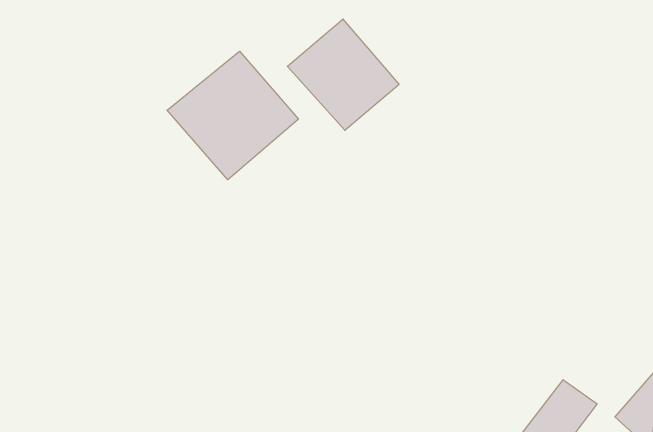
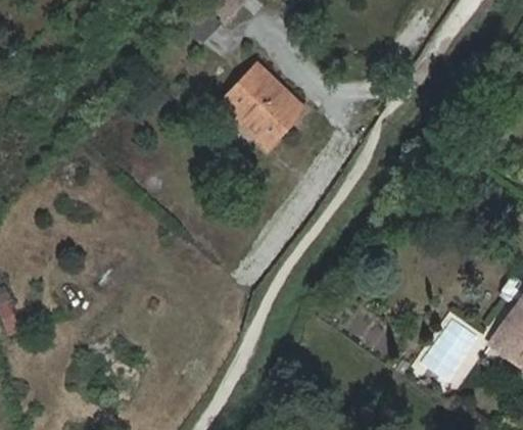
building: [167,51,298,180] -> none

